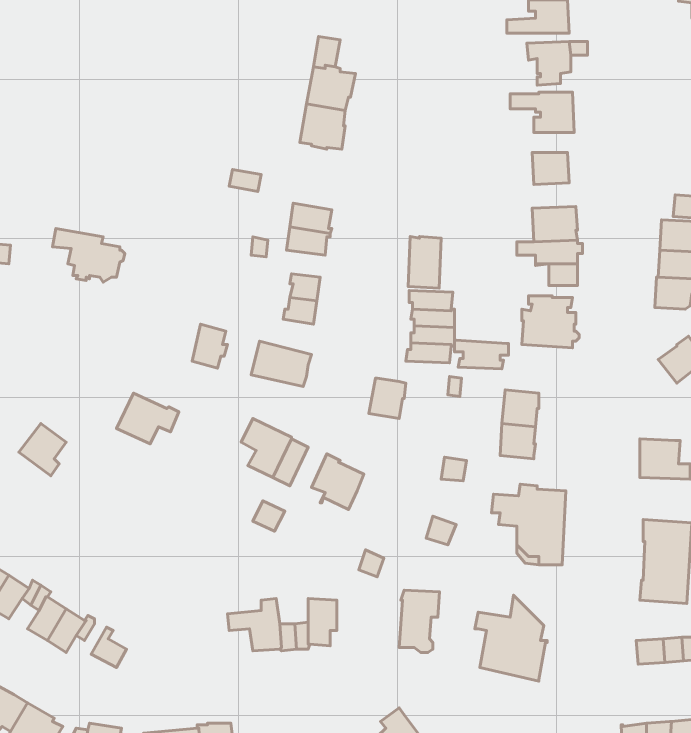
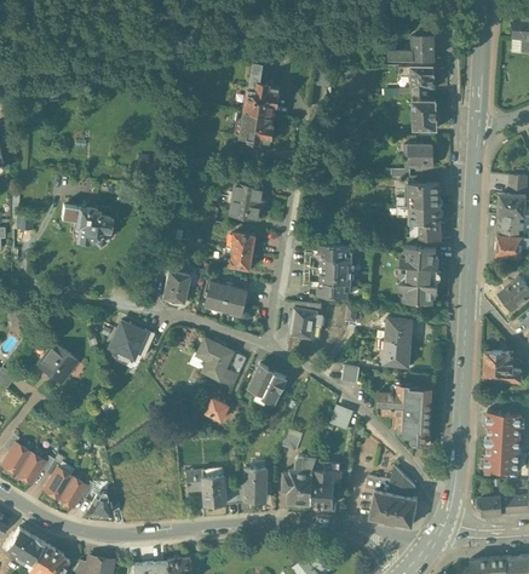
building: [408,236,441,288] -> none
building: [455,340,508,369] -> [398,285,437,305]
building: none -> [283,455,317,505]

